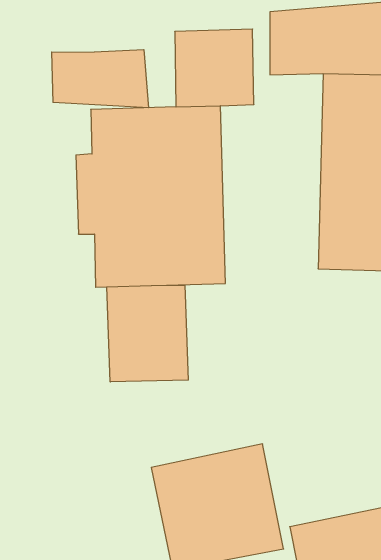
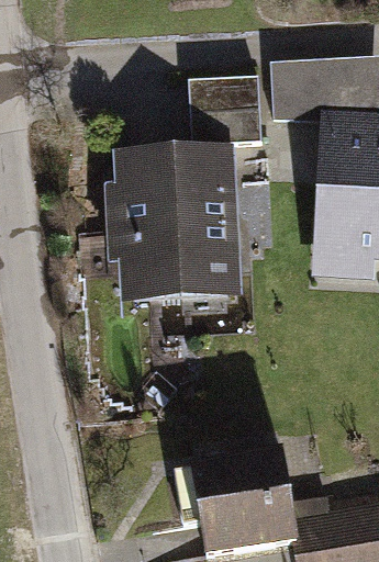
building: [52,50,148,108] -> none
building: [107,285,188,382] -> none

